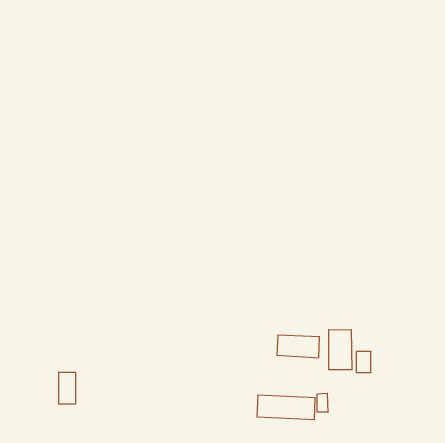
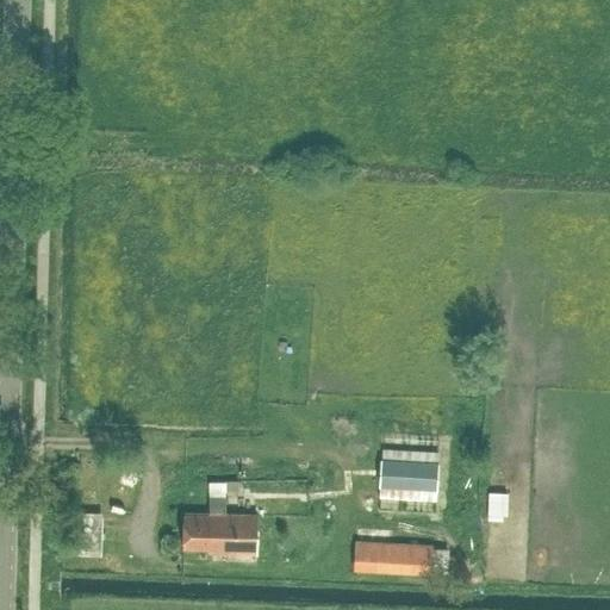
building: [329,330,352,370] -> none
building: none -> [182,515,257,555]

